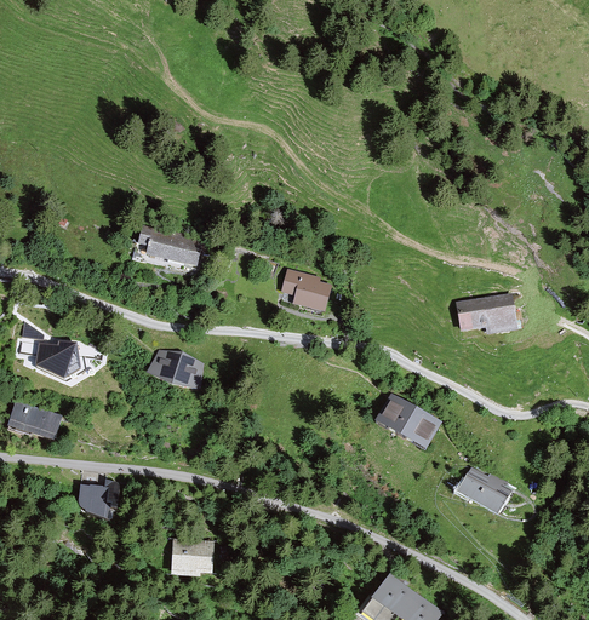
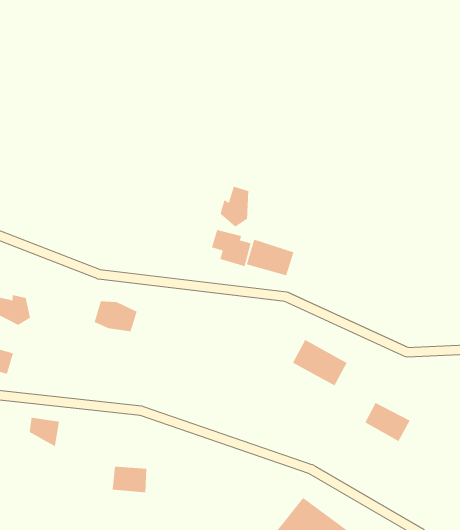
building: none -> [220,186,249,228]
building: [138,228,201,269] -> none
building: none -> [246,239,294,276]
building: [458,297,516,334] -> none

